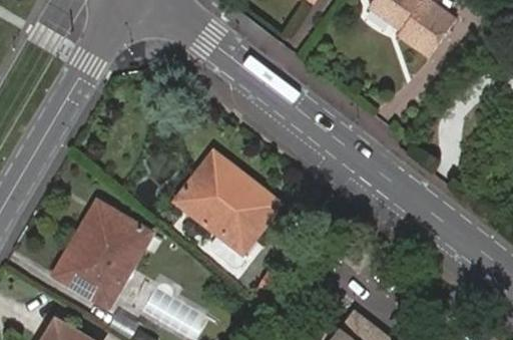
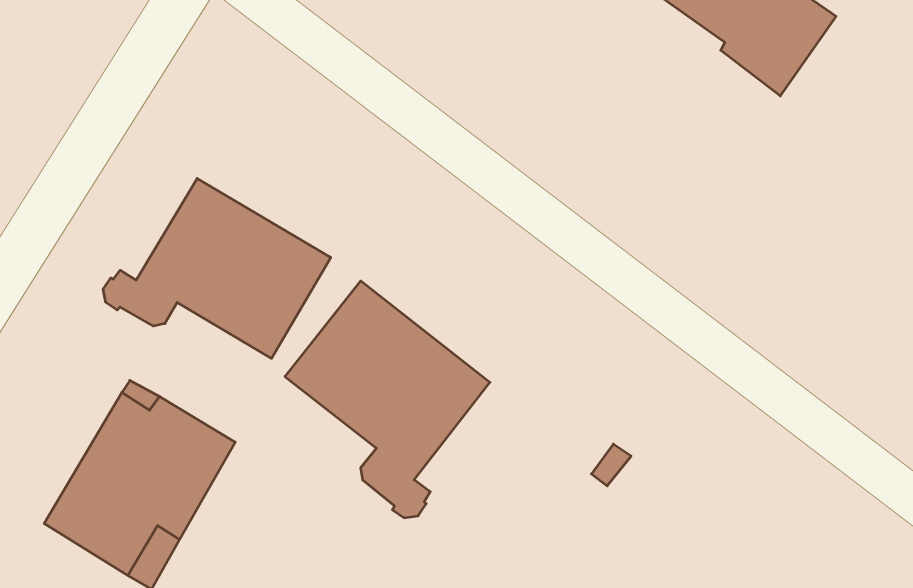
building: none -> [103,178,331,358]

